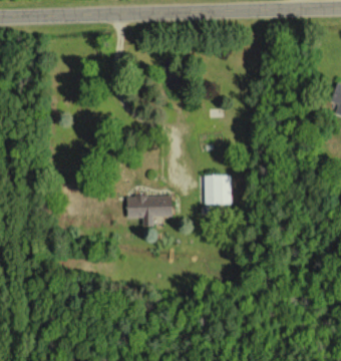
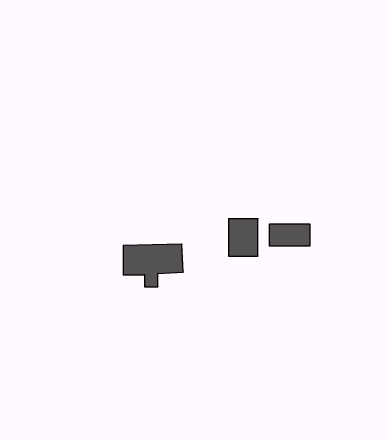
building: none -> [270,224,310,246]

